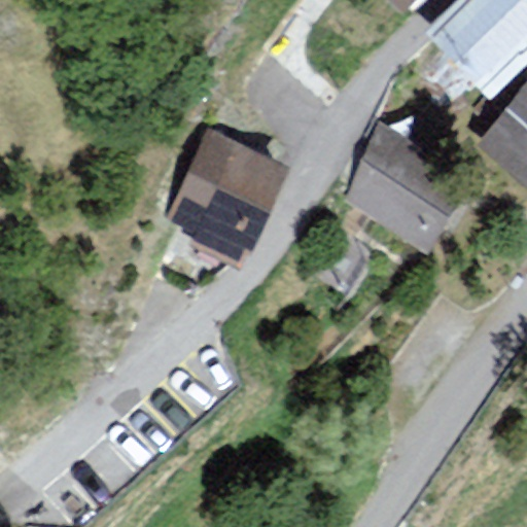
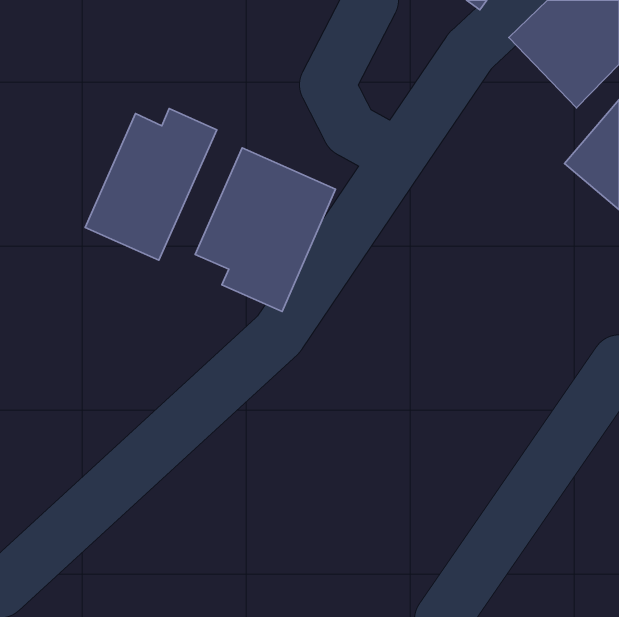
building: none -> [85,109,217,260]
building: [344,129,469,248] -> none

